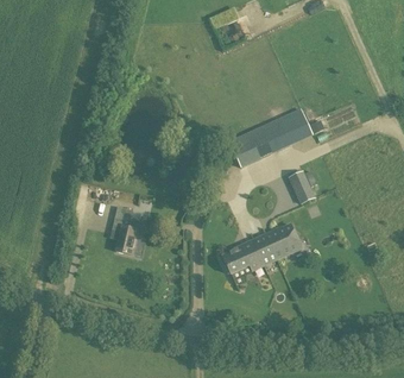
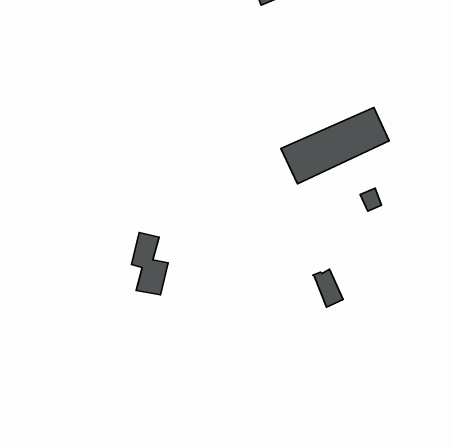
building: [265,226,299,259] -> none
building: [221,241,263,275] -> none

